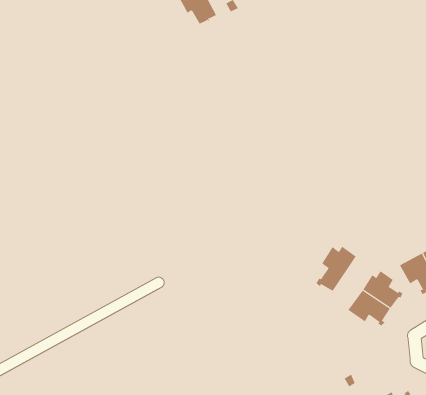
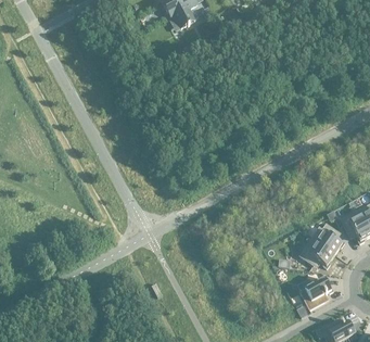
building: [316,246,357,292] -> none
building: none -> [297,277,333,306]

